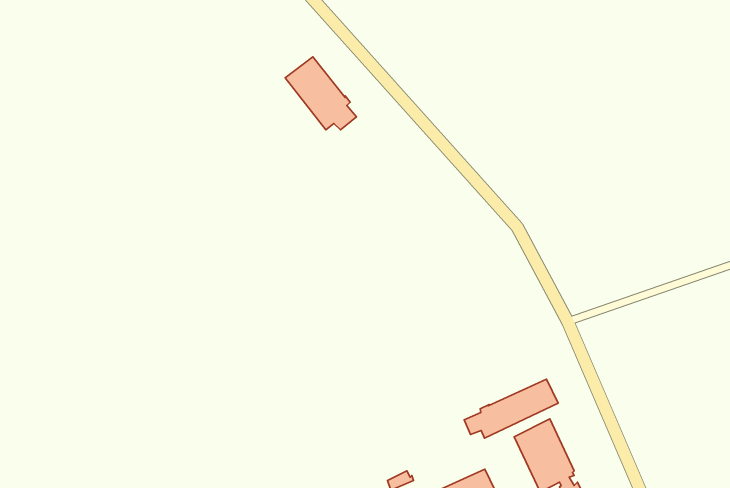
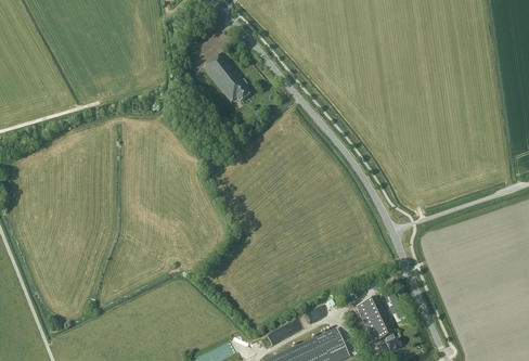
building: [464,379,558,438] -> none

